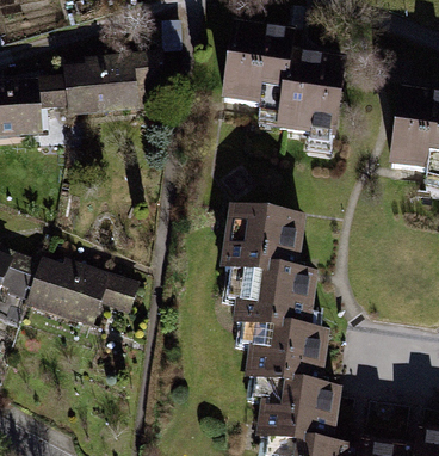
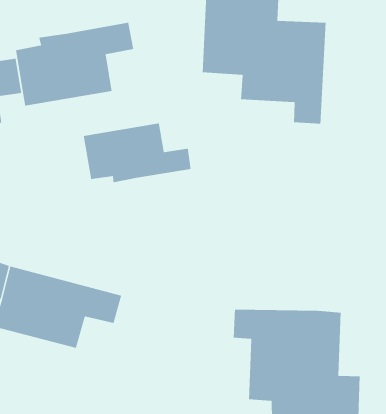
building: none -> [83,122,192,183]
building: [218,201,316,321] -> none

